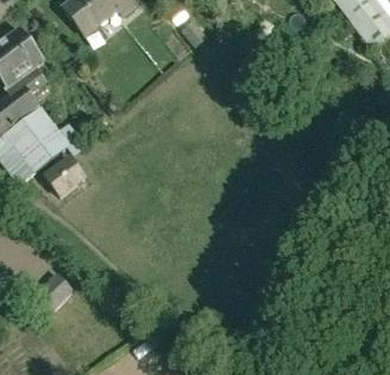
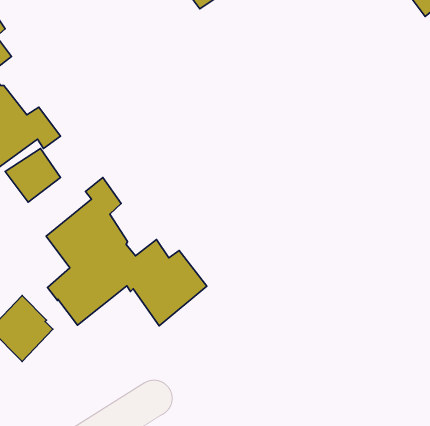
building: none -> [46,178,207,326]

